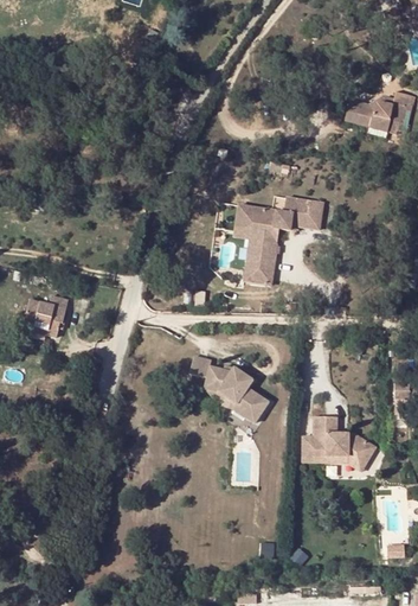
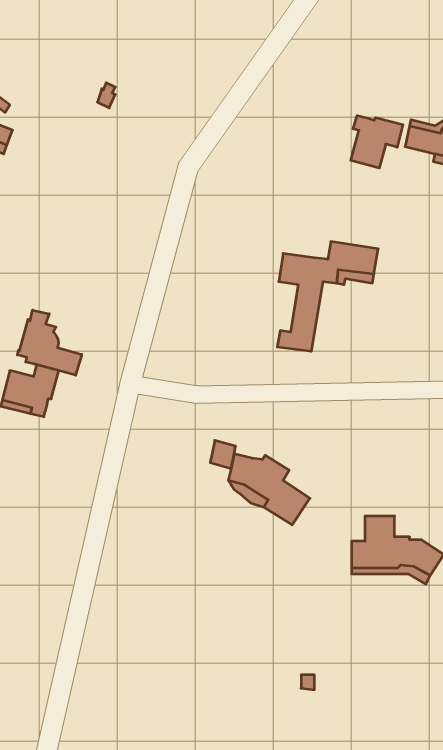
building: none -> [351,116,403,168]
building: [234,204,261,268] -> none
building: none -> [17,310,82,375]

